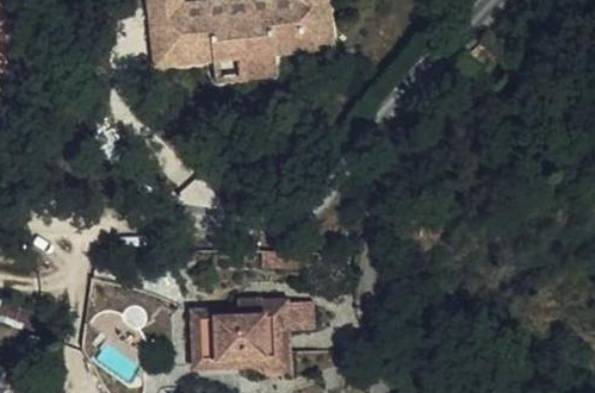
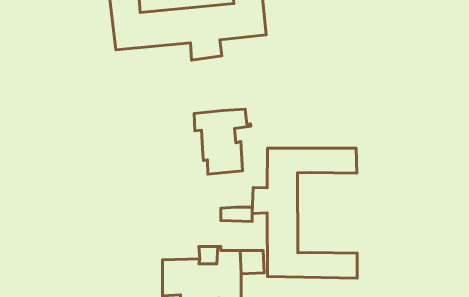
building: none -> [194,109,251,174]
building: none -> [252,148,357,278]

